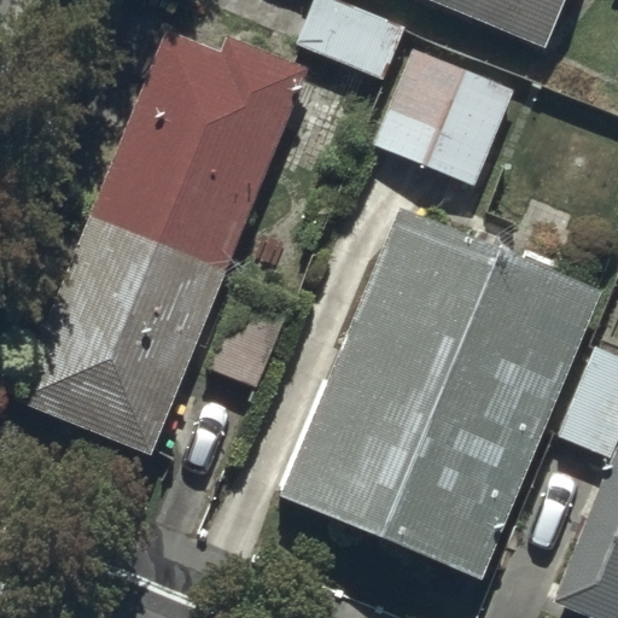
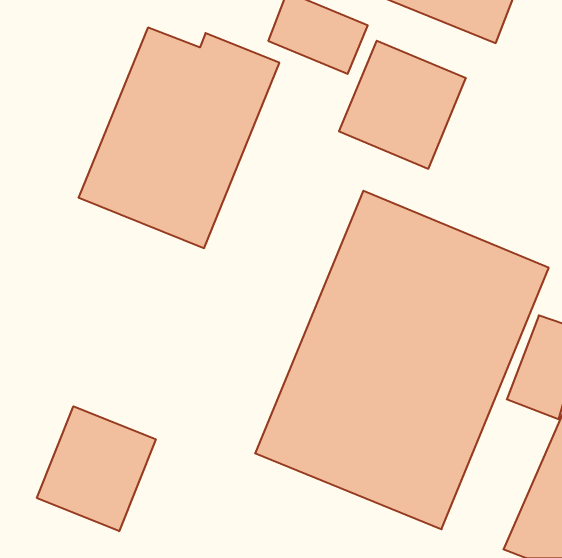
building: [14,216,226,455] -> none
building: none -> [37,406,156,531]

